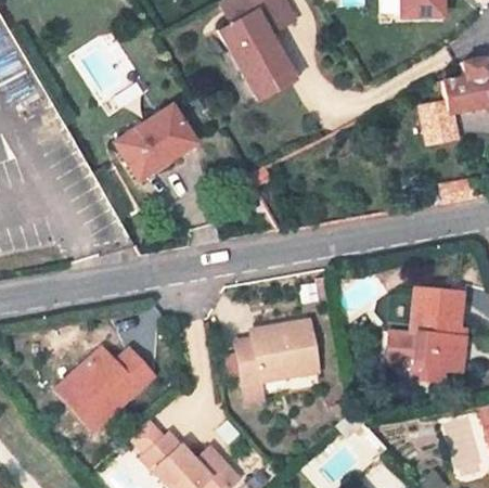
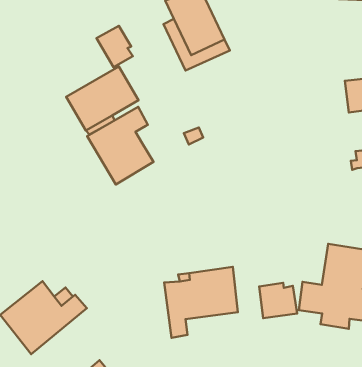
building: none -> [97,26,133,67]
building: none -> [87,107,154,185]
building: none -> [259,283,297,318]

